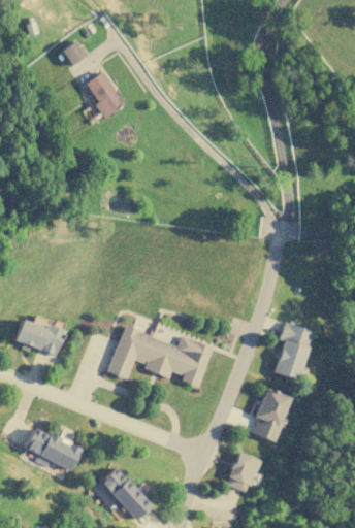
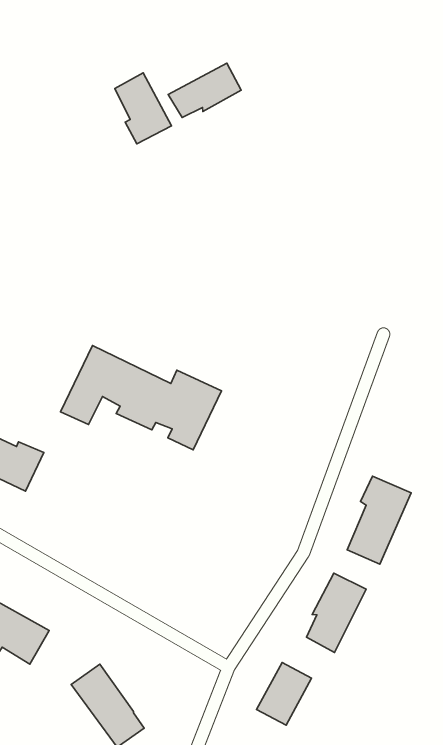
building: [62,40,89,67] -> none
building: none -> [168,63,241,118]
building: [108,326,214,388] -> [60,345,221,450]

